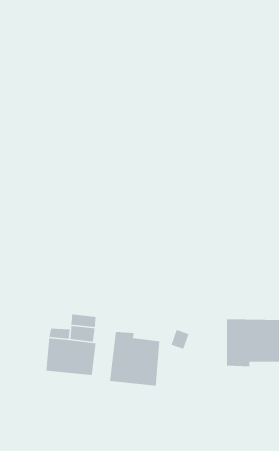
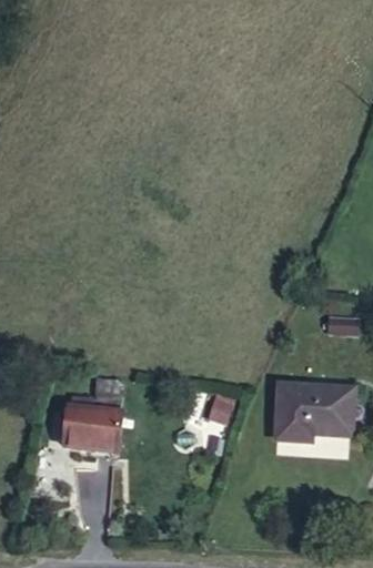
building: [109,331,160,386] -> none

